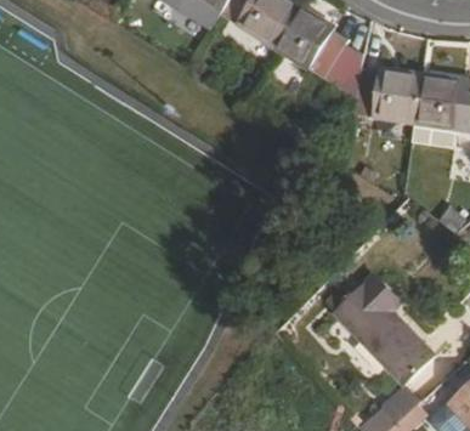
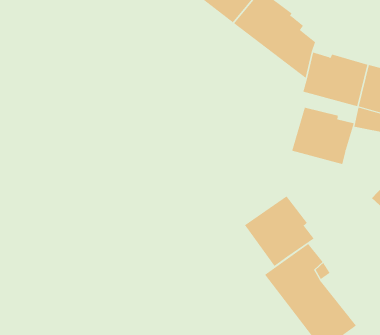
building: none -> [291,107,355,165]
building: none -> [244,196,315,267]

